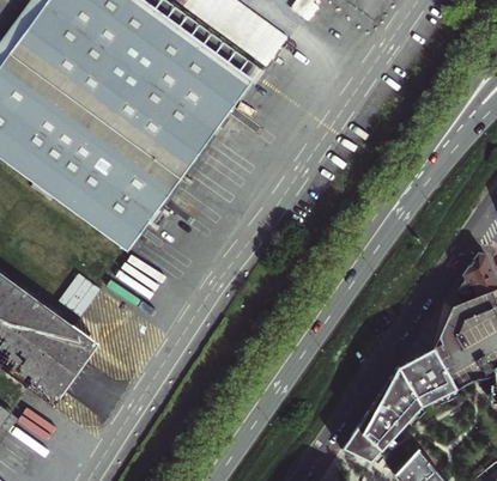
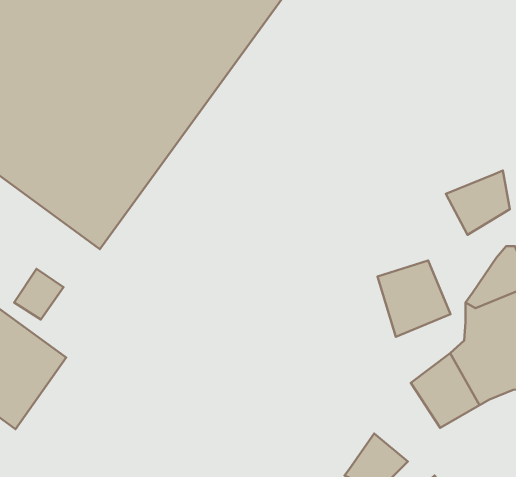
building: none -> [446,170,510,235]
building: none -> [378,260,450,337]
building: [365,370,422,437] -> none

